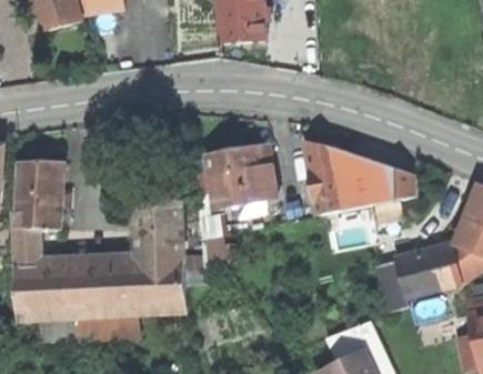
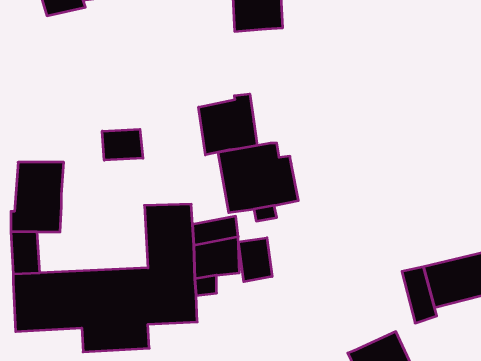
building: none -> [199,94,257,155]
building: none -> [102,129,143,160]
building: [302,140,414,213] -> none
building: none -> [238,238,272,282]

